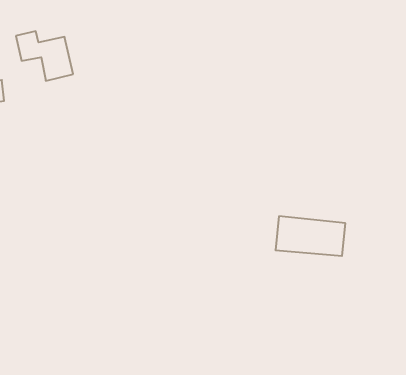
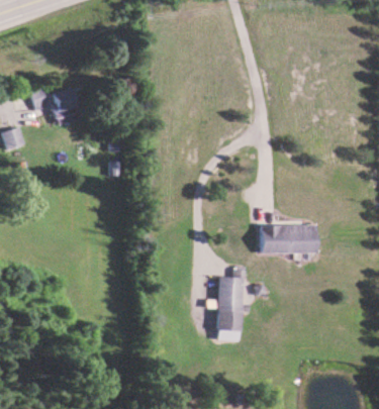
building: none -> [216,269,244,340]

